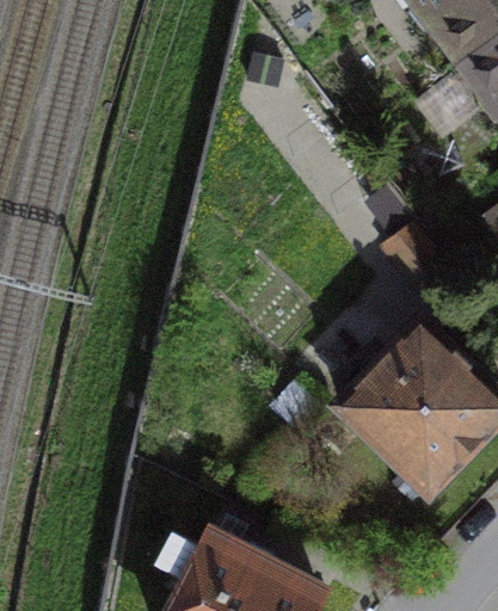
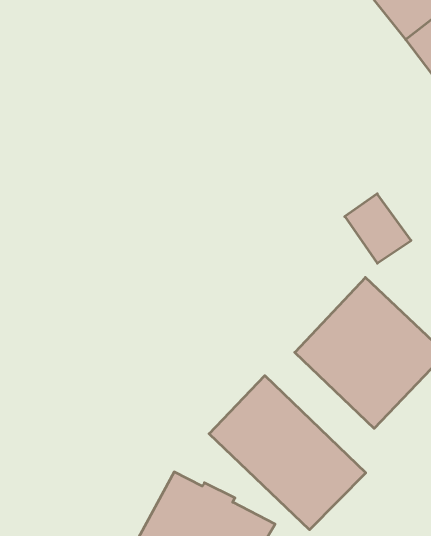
building: none -> [209,376,366,530]

